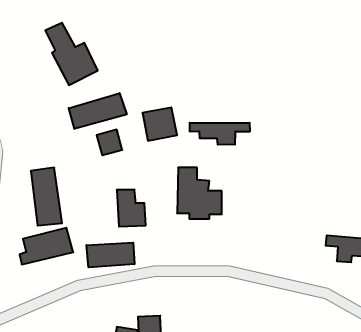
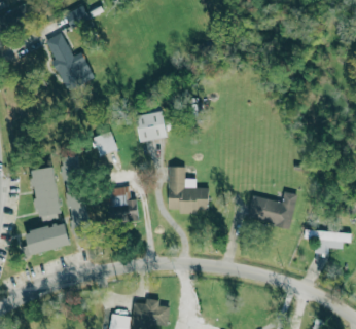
building: [69,93,127,129] -> none
building: [190,123,250,145] -> none
building: none -> [248,191,297,227]
building: [86,243,134,267] -> none

